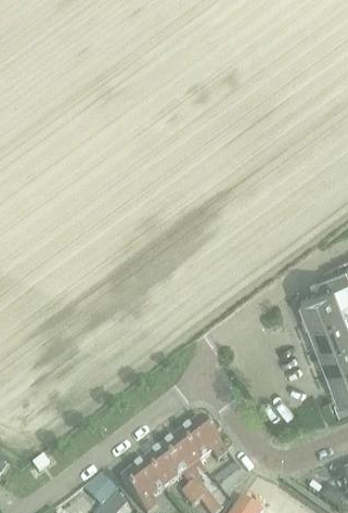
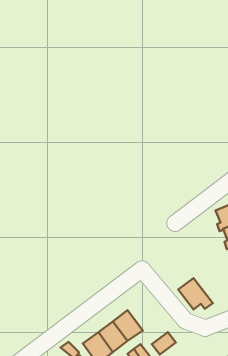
building: [180,416,227,459] -> [178,278,213,310]

